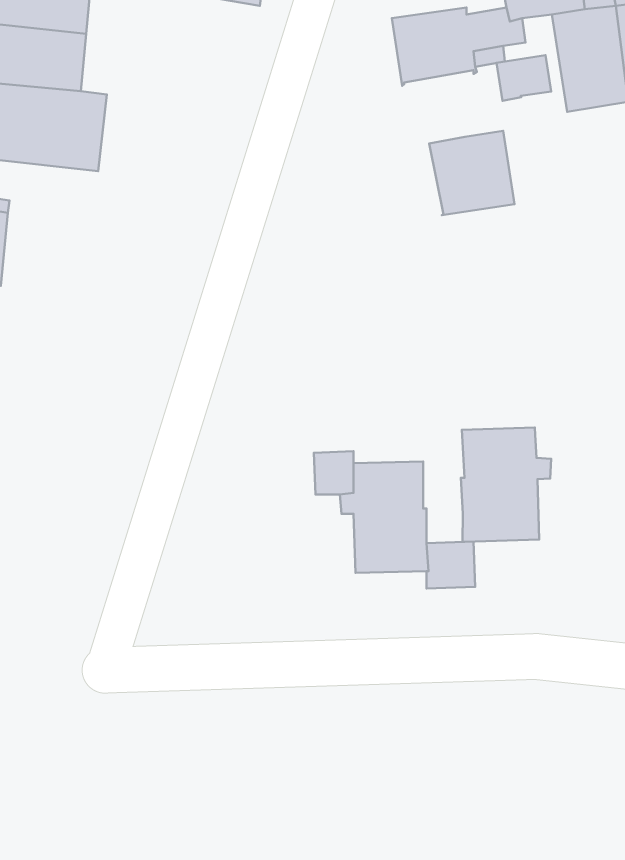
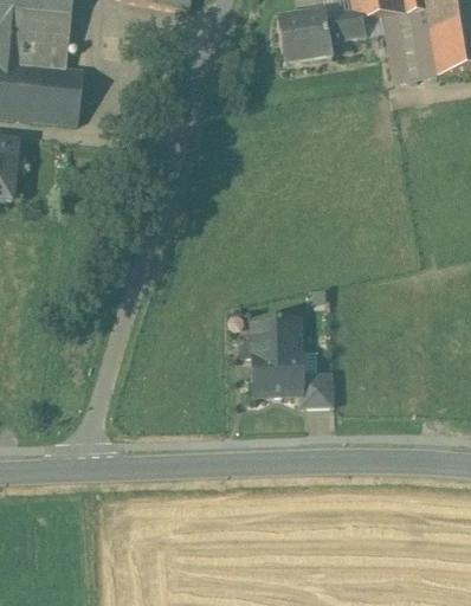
building: [496,55,551,101] -> none
building: [429,131,514,215] -> none
building: [461,428,551,542] -> none

